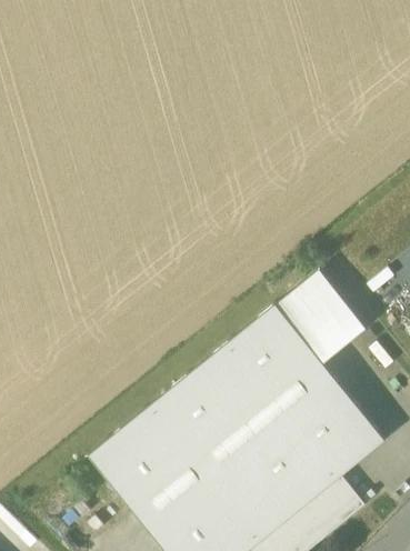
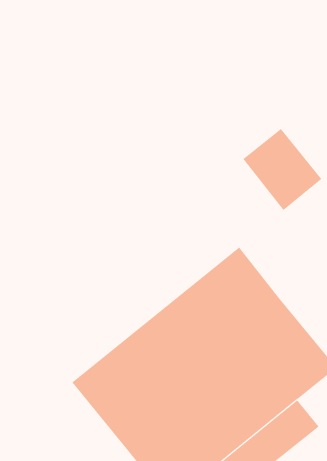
building: [276,271,364,363] -> [242,128,322,211]

